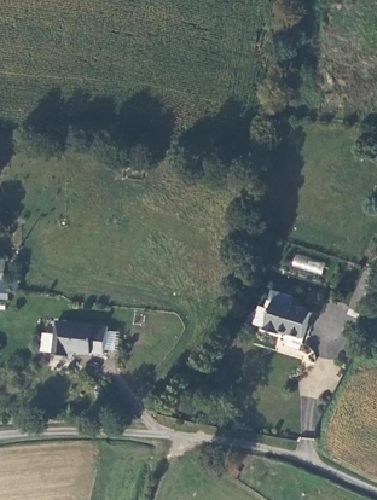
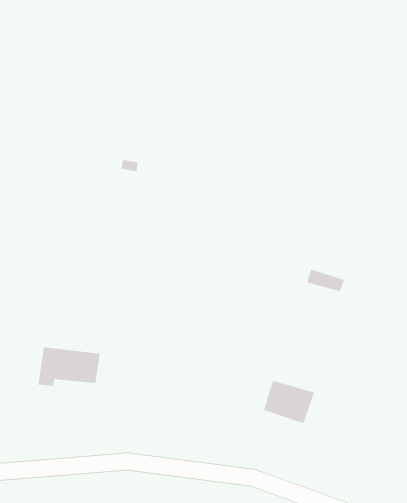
building: [262,300,308,338] -> [263,380,315,424]

